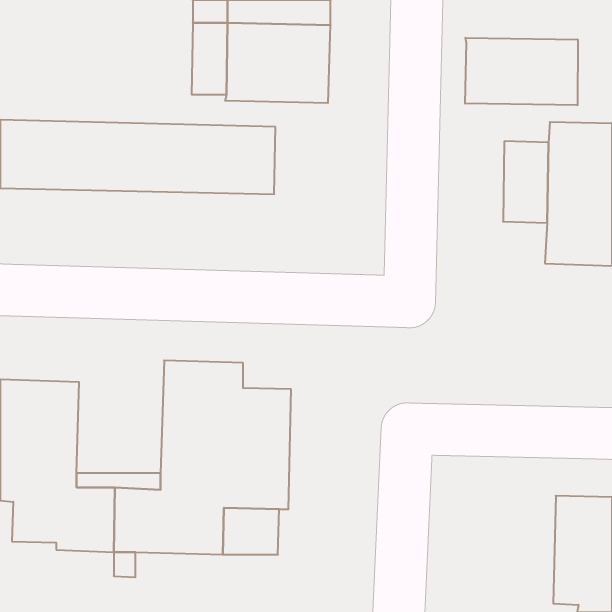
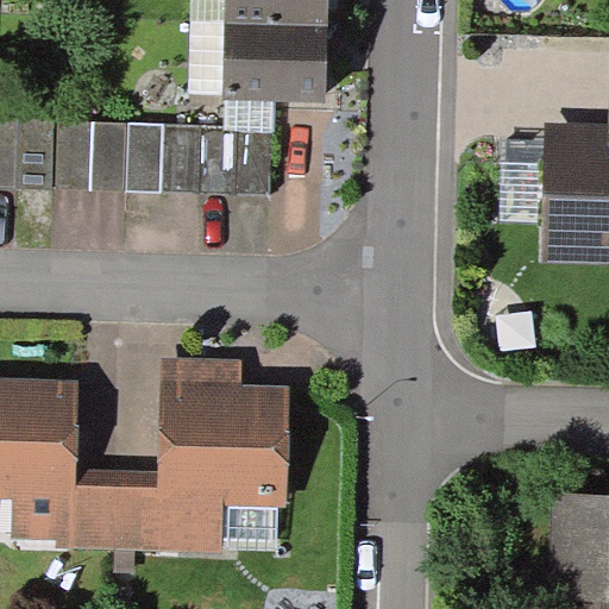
building: [465,38,578,105] -> none

